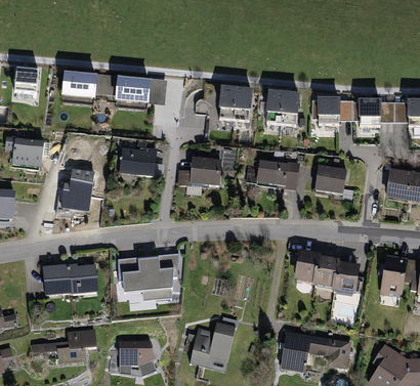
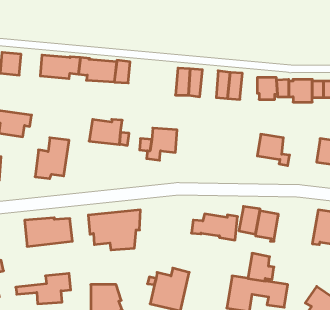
building: [245,160,299,190] -> [191,214,238,240]
building: [335,261,366,294] -> [248,253,274,281]

